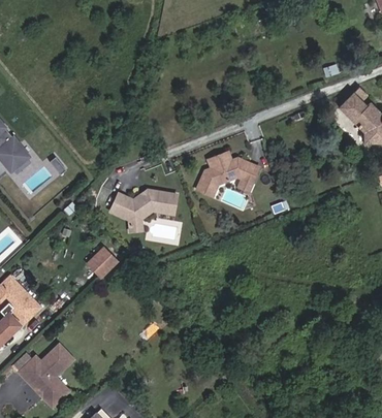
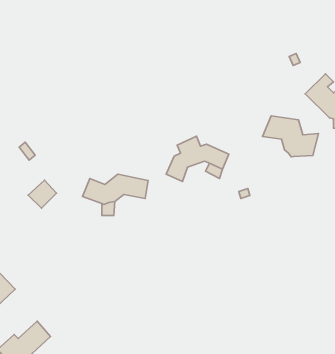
building: none -> [263,116,318,157]
building: [87,249,116,278] -> [28,180,56,208]

